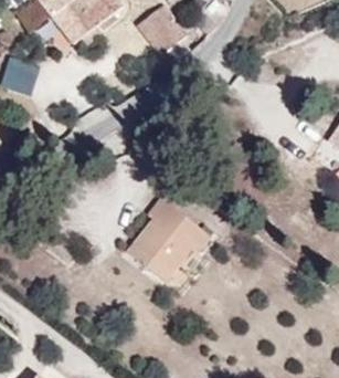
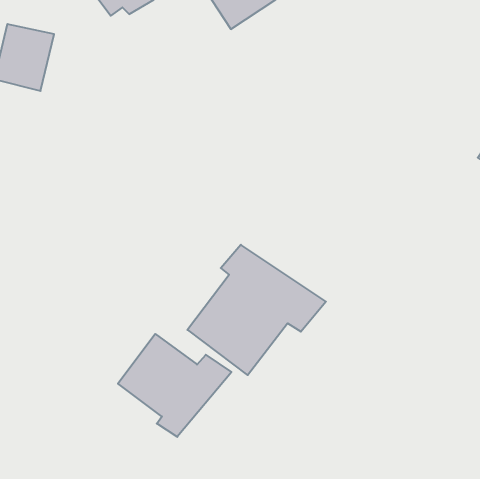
building: none -> [118,334,231,437]

